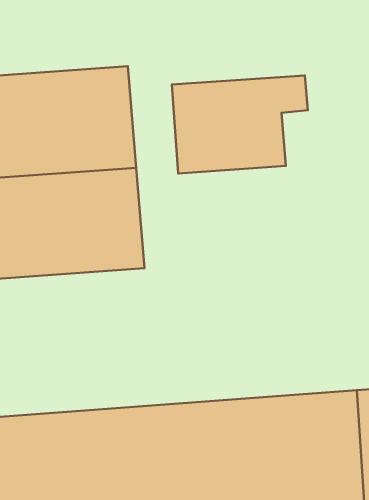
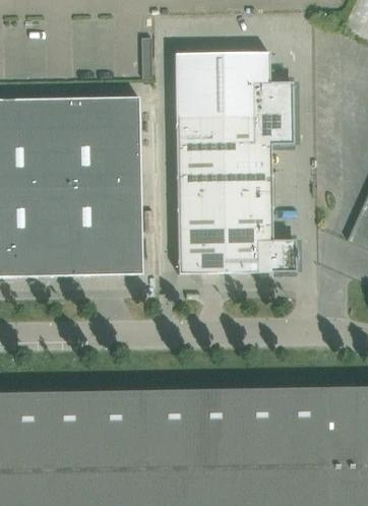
building: none -> [175,51,293,114]
building: none -> [177,191,296,272]

